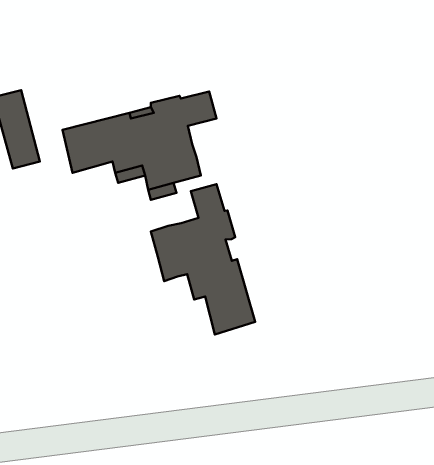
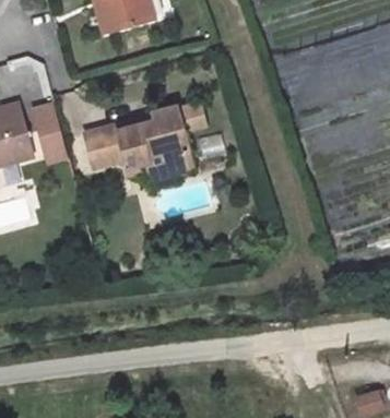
building: [151,184,255,334] -> none

